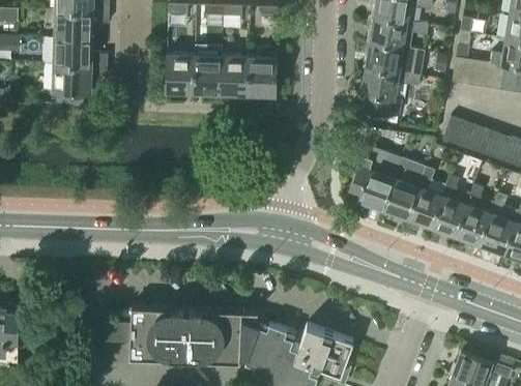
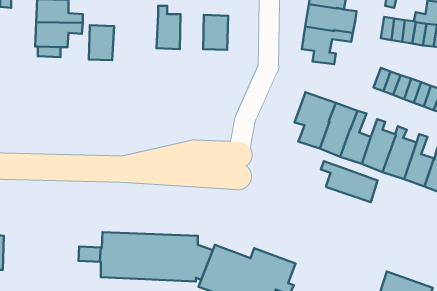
building: [166,53,195,93] -> [89,25,114,60]
building: [220,54,248,94] -> none
building: none -> [321,161,377,202]

